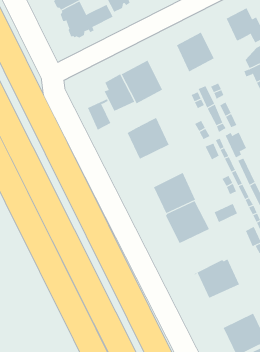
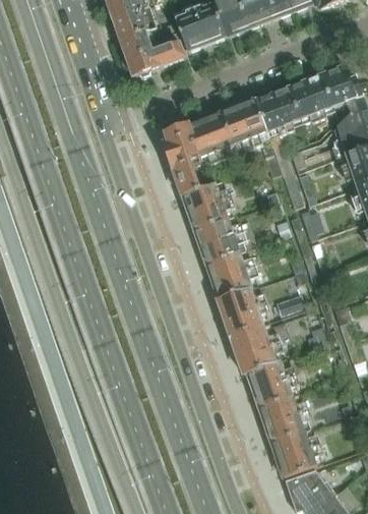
building: none -> [287,74,333,120]
building: none -> [220,99,267,150]
building: [87,99,111,131] -> [173,160,199,196]
building: none -> [195,216,245,264]
building: none -> [231,326,280,373]
building: none -> [257,392,308,441]

